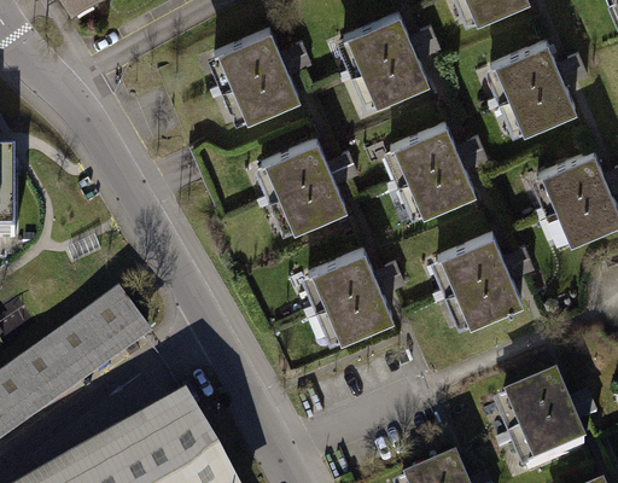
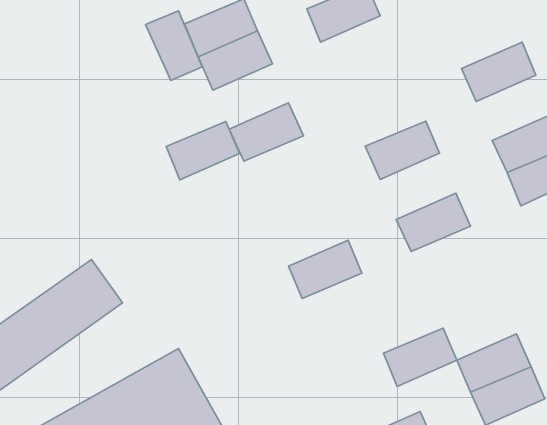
building: [483,36,561,98] -> none
building: none -> [145,11,202,81]
building: [349,42,427,105] -> none
building: [381,118,460,180] -> none
building: [268,169,345,231] -> [166,121,239,180]
building: [299,245,378,307] -> none
building: [444,264,521,326] -> [384,328,457,386]

